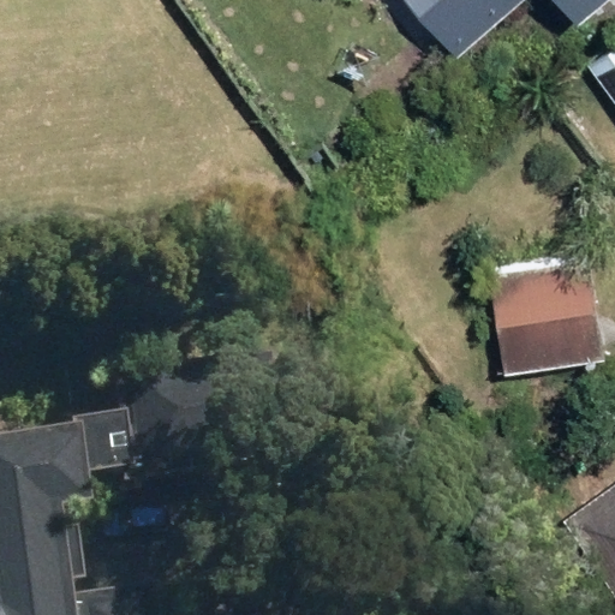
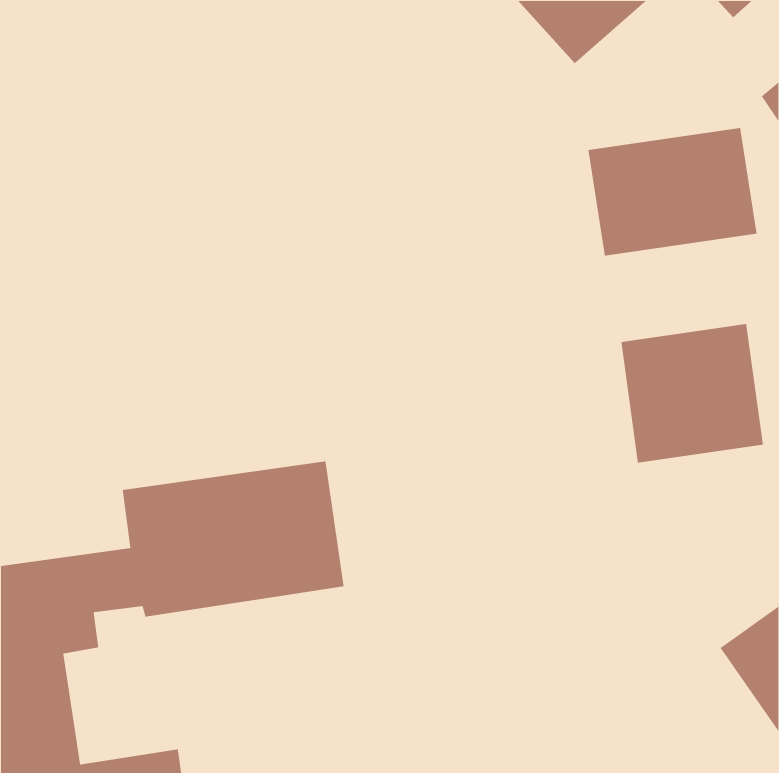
building: none -> [588,127,757,256]

